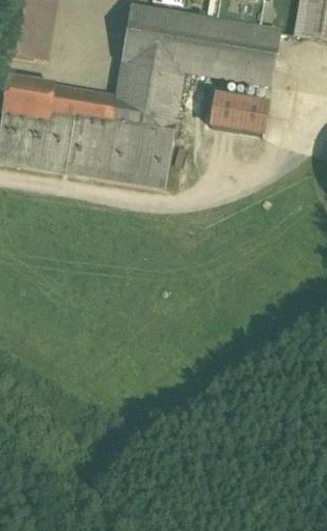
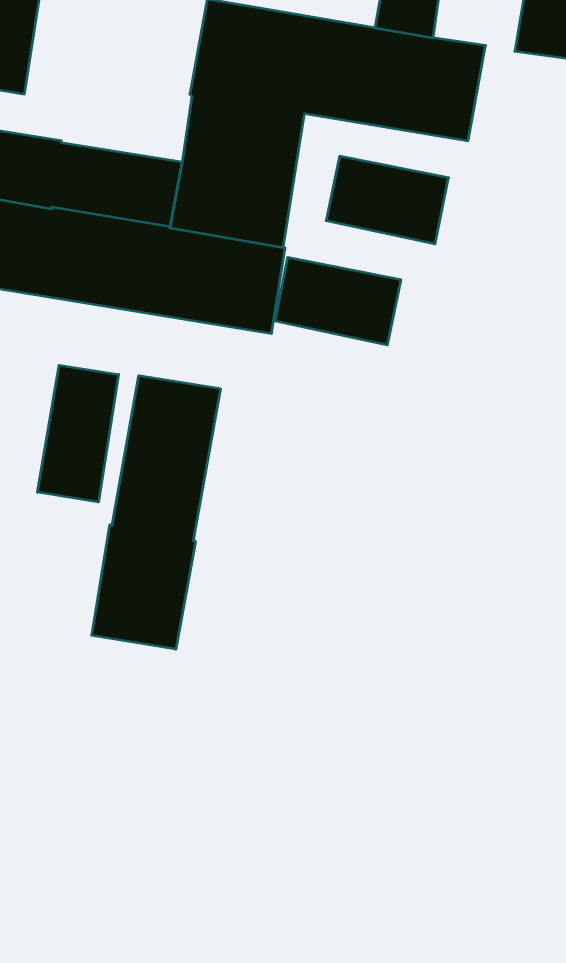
building: none -> [275,257,401,345]
building: none -> [37,365,119,502]
building: none -> [92,376,220,649]

